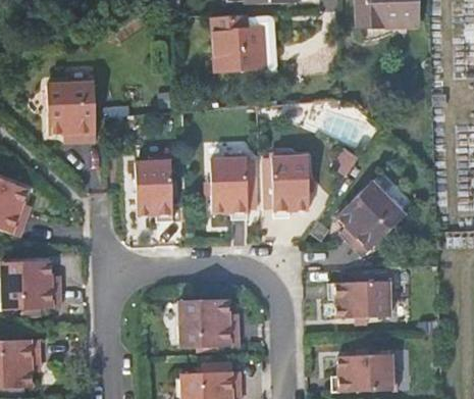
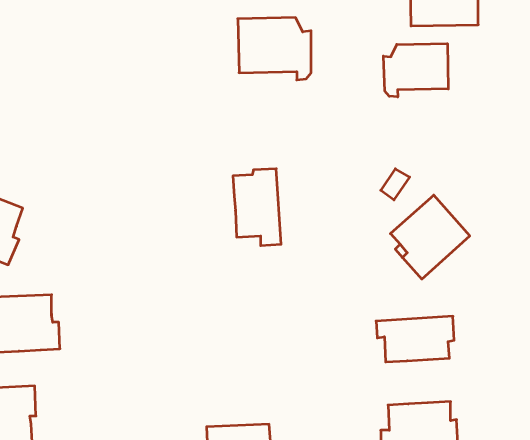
building: none -> [383,44,448,97]
building: [46,83,95,139] -> none
building: [269,152,309,216] -> none
building: [134,156,171,221] -> none
building: [180,298,238,347] -> none

